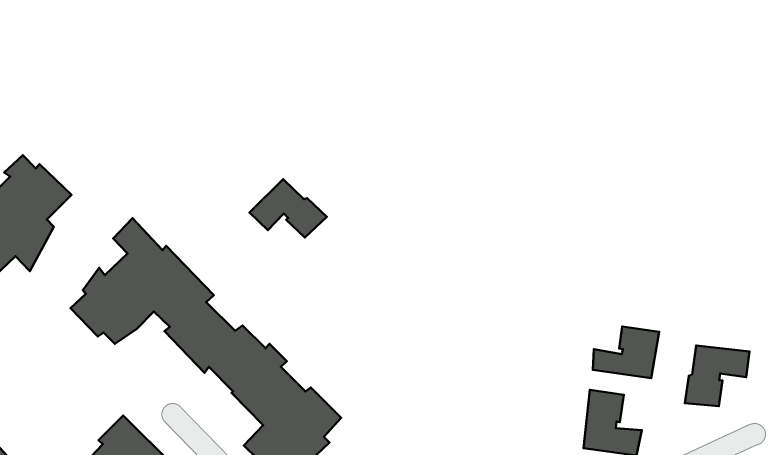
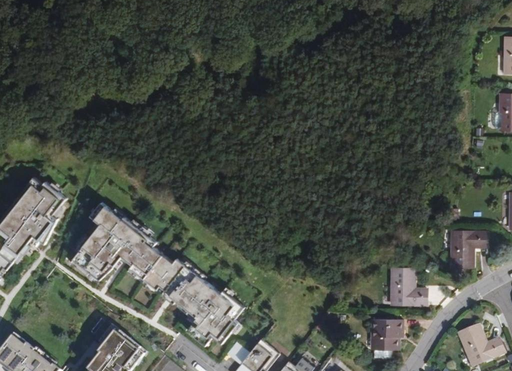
building: [249,179,327,237] -> none
building: [593,327,659,378] -> none

